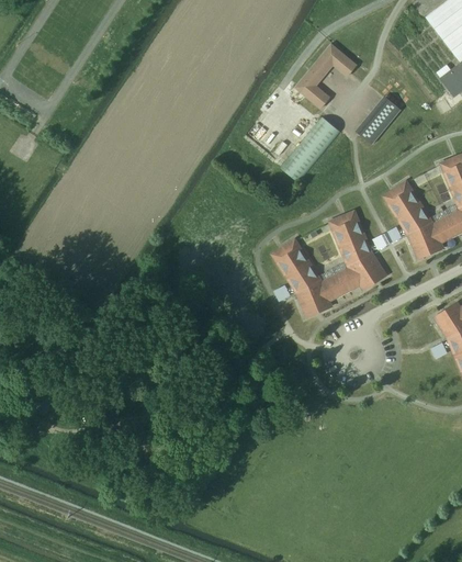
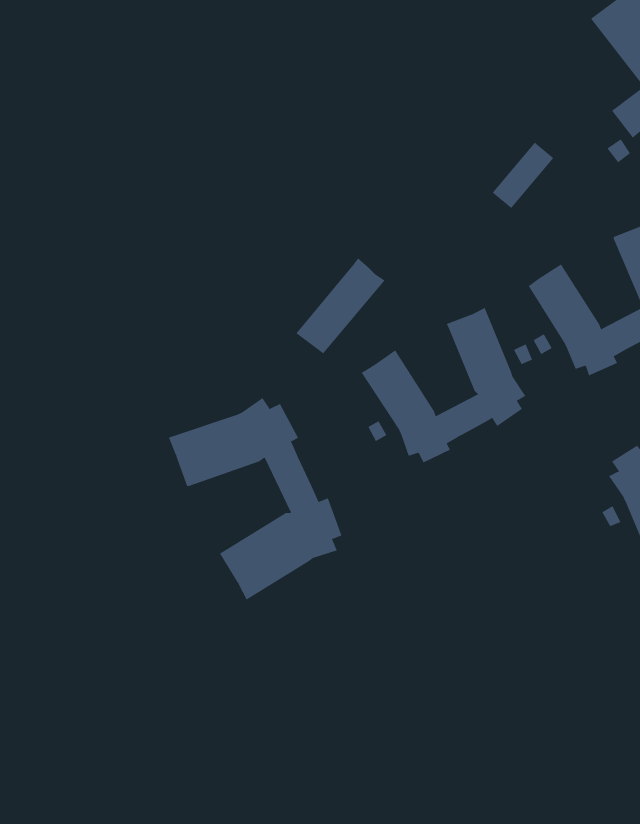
building: [295,43,358,109] -> none
building: [281,115,341,180] -> [296,258,386,354]
building: none -> [168,397,342,601]

